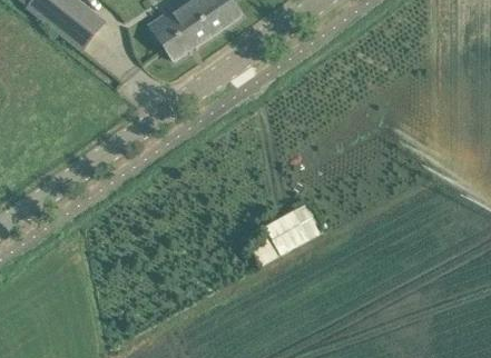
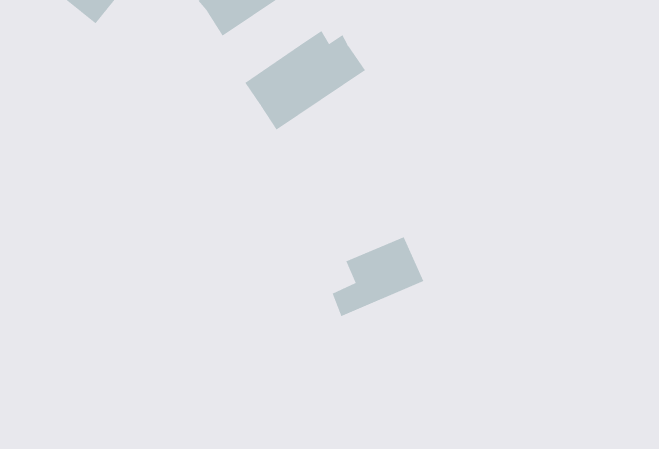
building: none -> [245,30,366,130]

